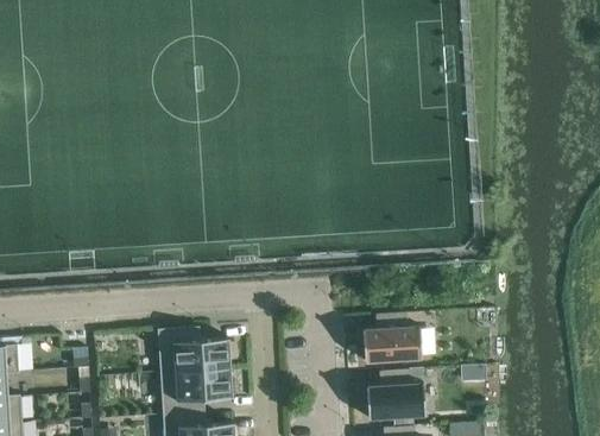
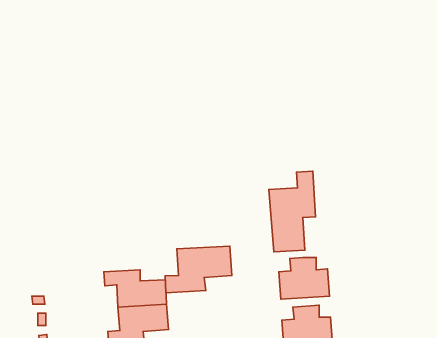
building: none -> [269,171,315,252]
building: none -> [165,246,232,293]

